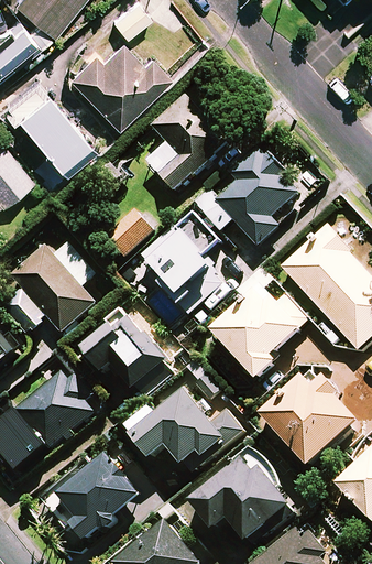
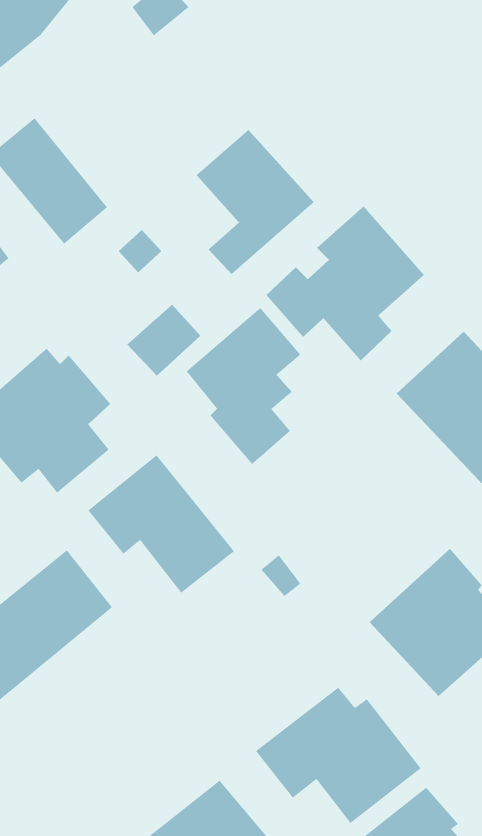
building: [67,40,167,127] -> none
building: [214,269,307,379] -> none
building: [125,384,241,470] -> none
building: [57,454,141,540] -> none

